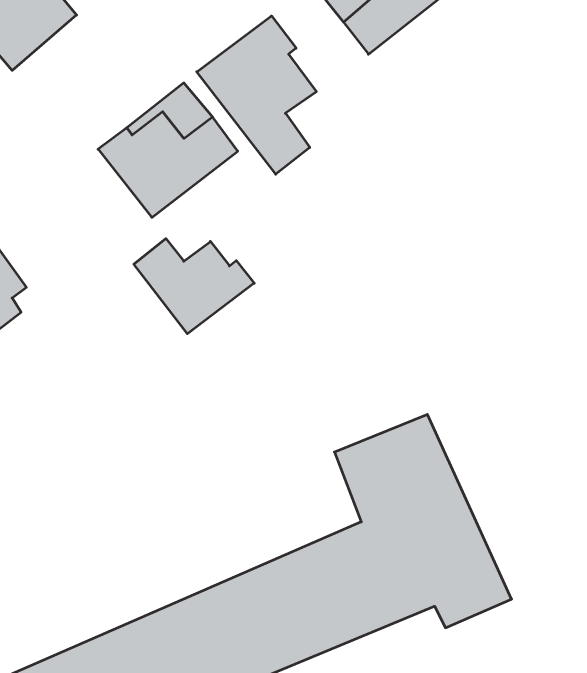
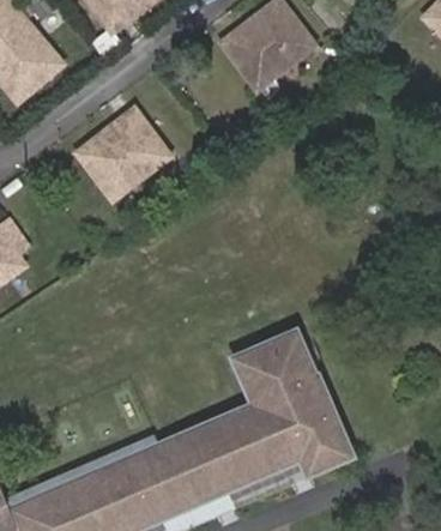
building: [197,16,316,174] -> none
building: [134,239,254,334] -> none

